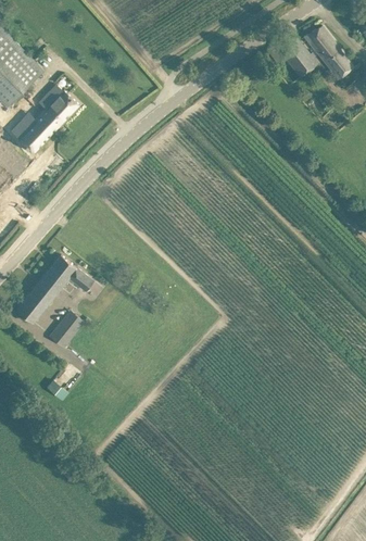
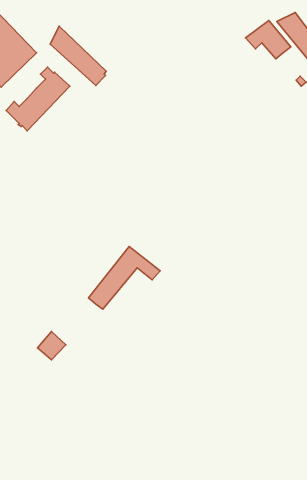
building: none -> [50,26,106,86]
building: [15,256,92,324] -> [89,246,160,309]
building: [47,310,83,348] -> none

